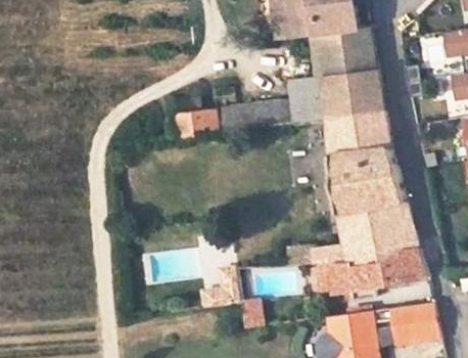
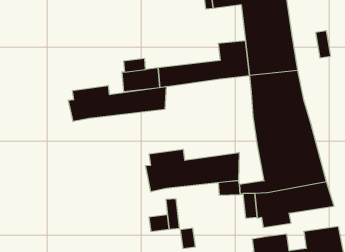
building: none -> [68,85,166,122]
building: none -> [145,149,239,192]

